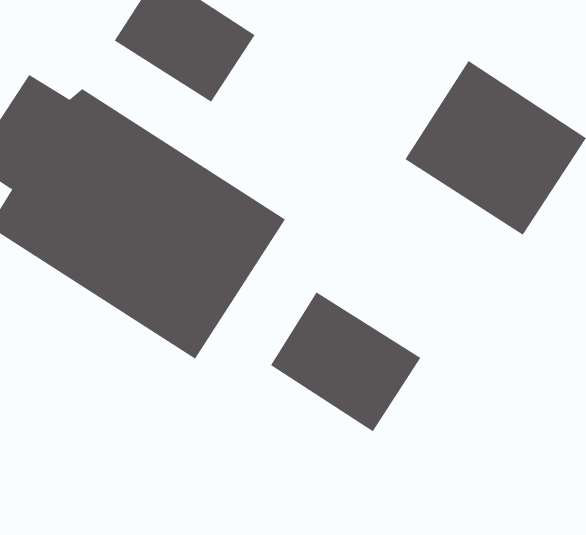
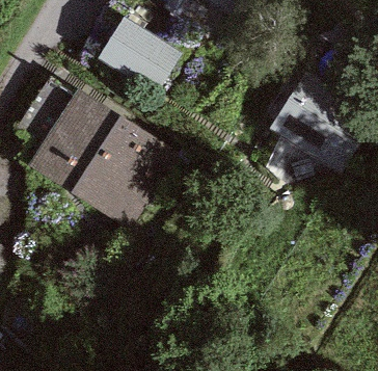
building: [270,291,421,432] -> none

